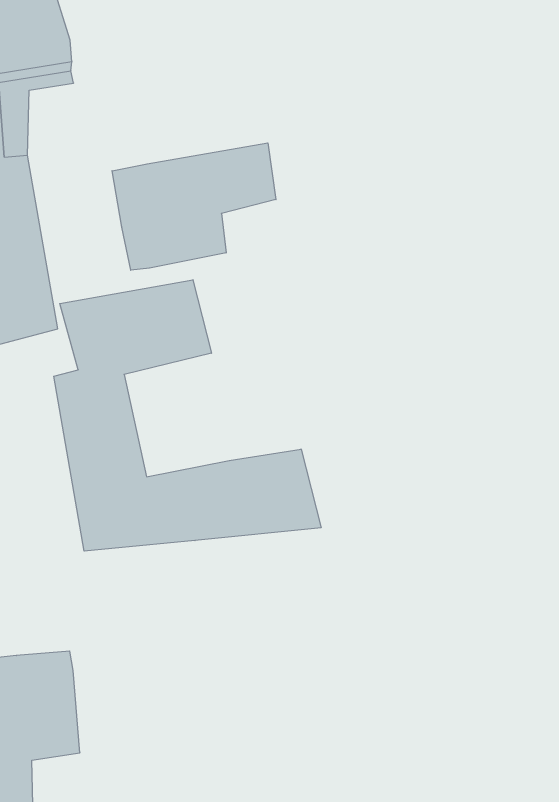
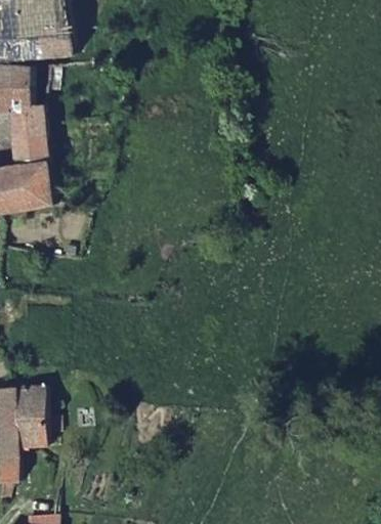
building: [112,143,276,270] -> none
building: [54,280,321,551] -> none

